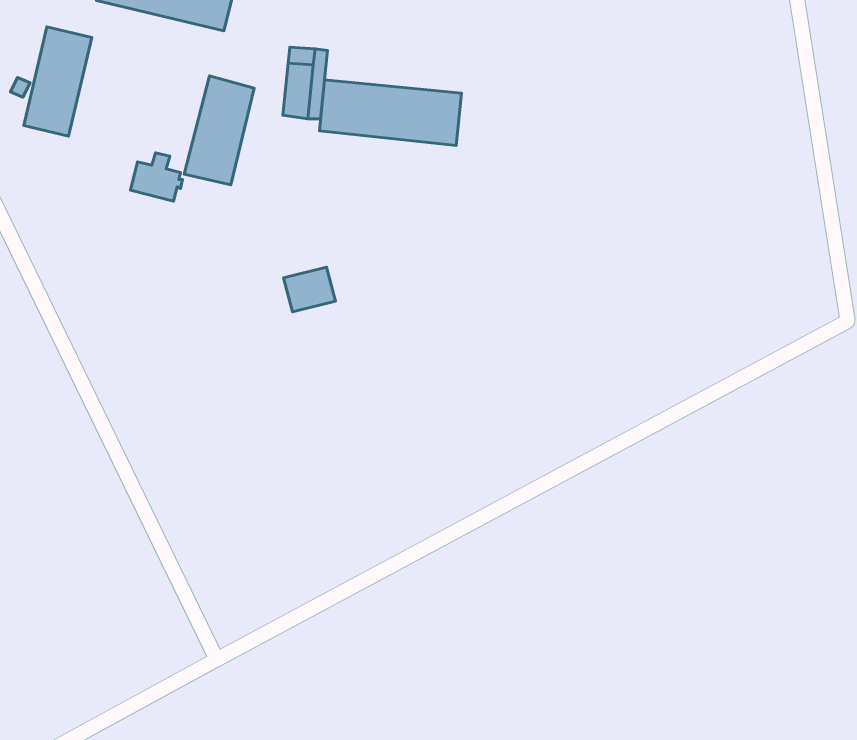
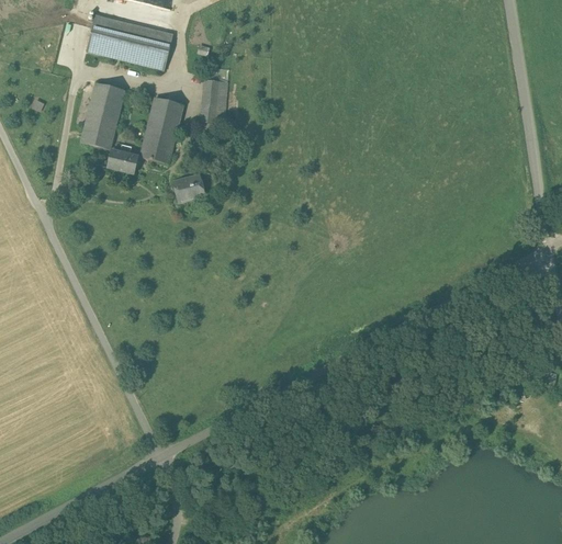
building: [24,27,92,136] -> [81,82,123,149]
building: [320,80,462,145] -> none
building: [284,267,336,312] -> [172,174,204,202]

